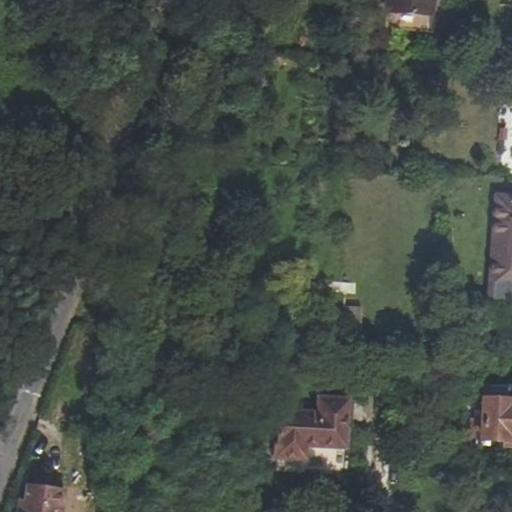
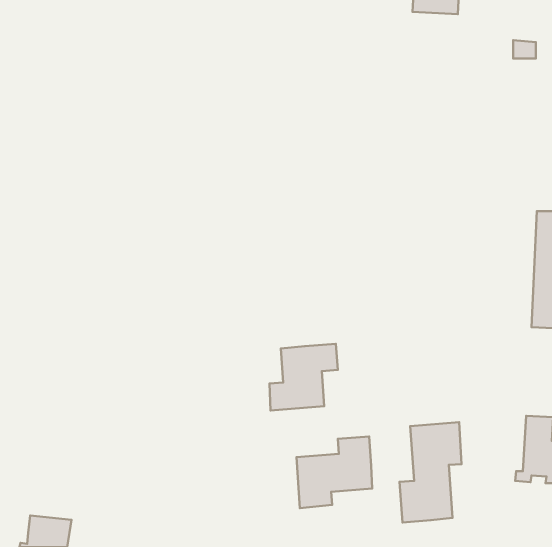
building: none -> [269,344,338,410]
building: none -> [399,422,461,522]

